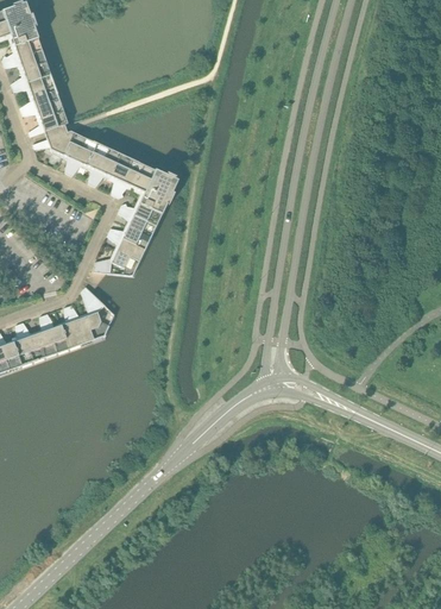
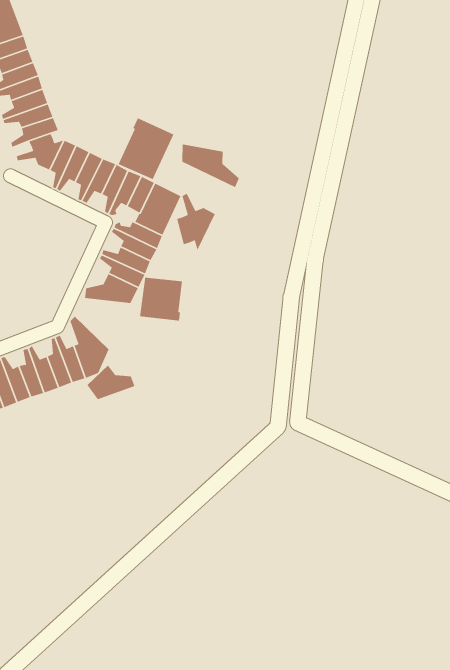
building: none -> [118,116,174,180]
building: none -> [182,144,240,188]
building: none -> [176,193,216,252]
building: none -> [139,277,184,322]
building: none -> [86,364,135,400]

